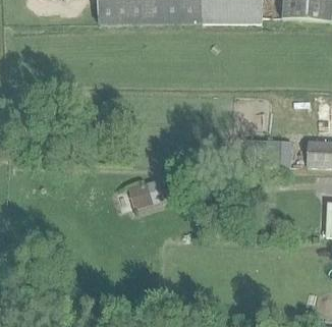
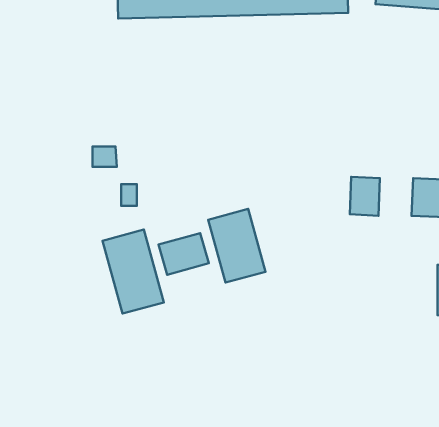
building: none -> [208,209,265,283]
building: none -> [102,230,164,314]

